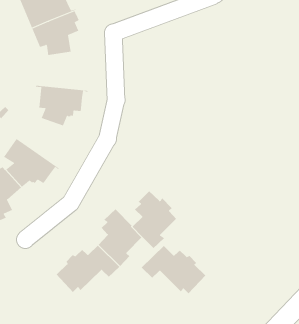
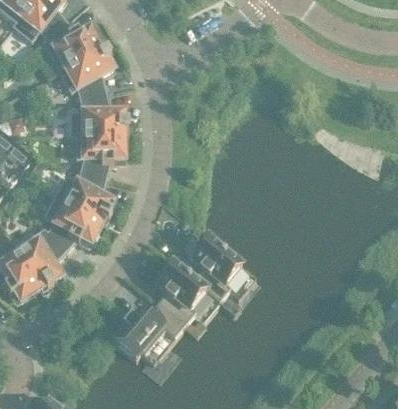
building: none -> [70,93,128,134]
building: none -> [55,170,113,223]
building: [141,245,206,294] -> none

